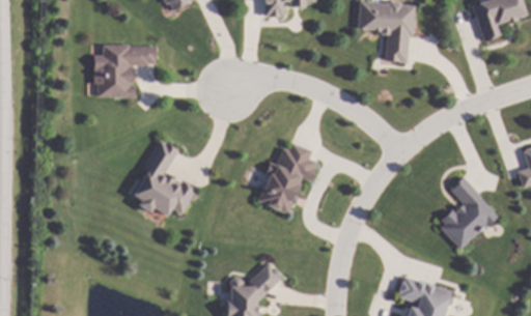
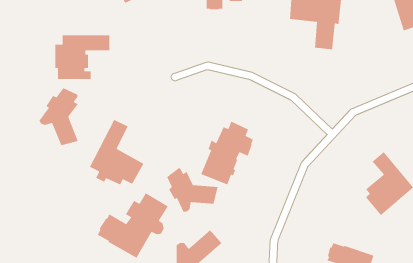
building: none -> [38,87,79,146]
building: none -> [166,167,218,212]
building: none -> [97,192,169,259]

